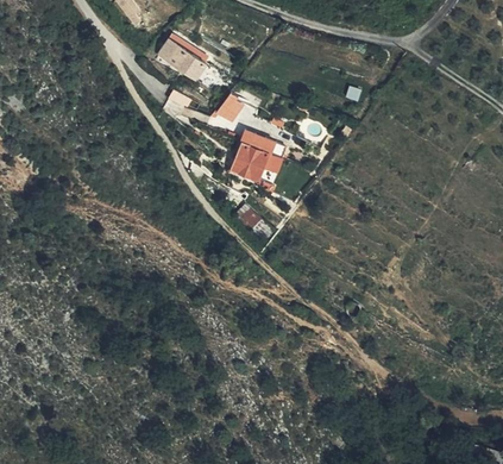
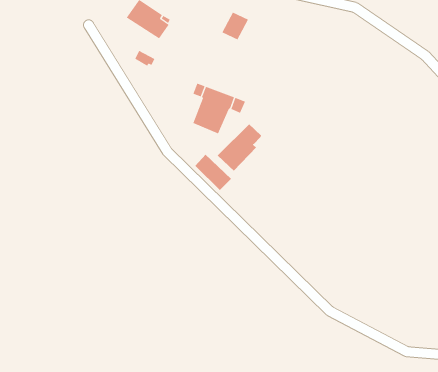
building: [216,90,246,121] -> [222,12,249,40]
building: none -> [217,123,262,171]

